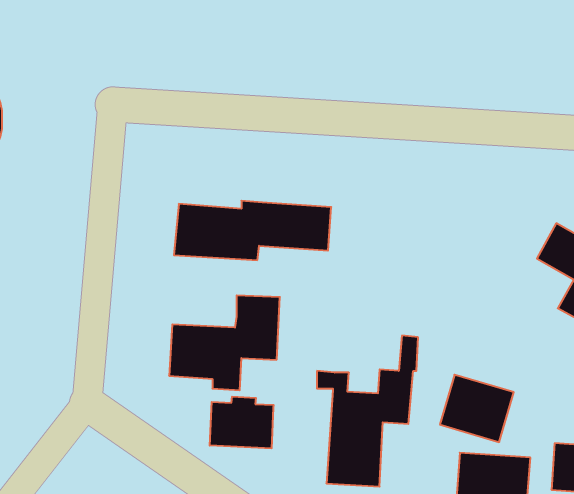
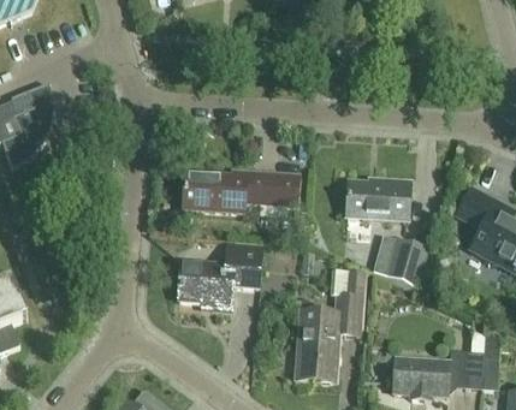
building: none -> [345,178,410,221]
building: [440,375,514,442] -> [373,233,428,284]
building: [210,397,274,448] -> none

